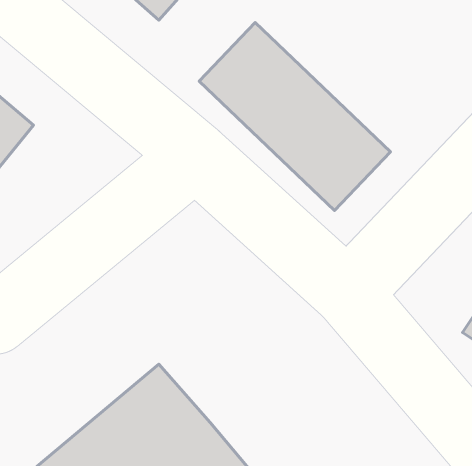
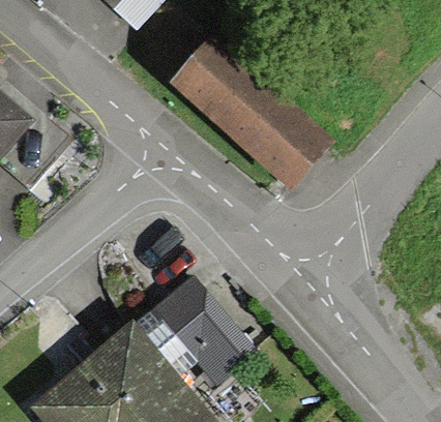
building: none -> [137,276,254,383]

